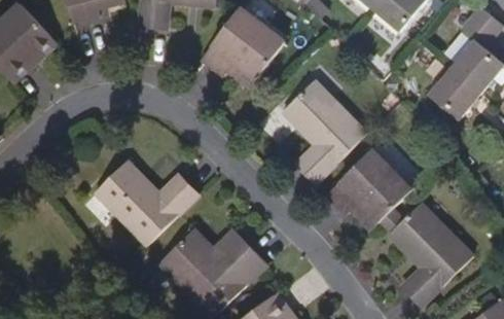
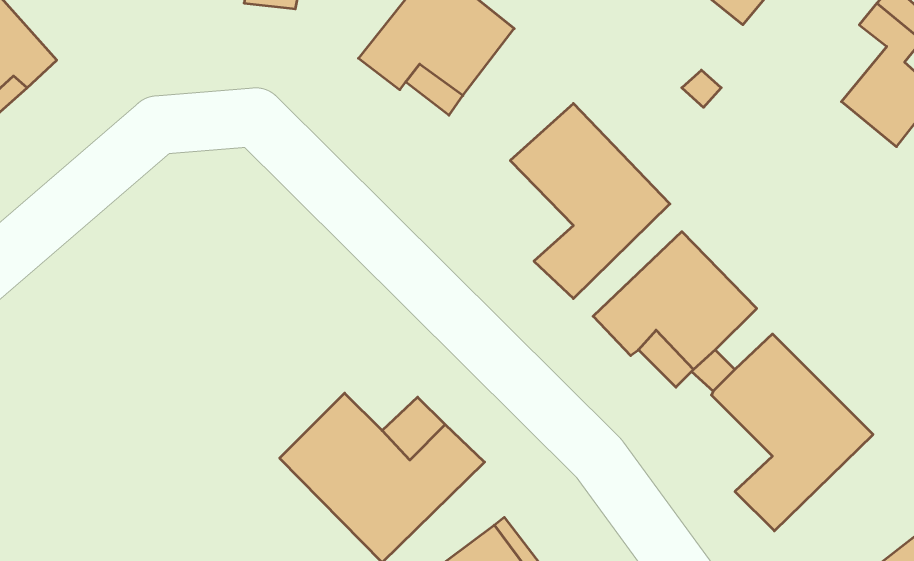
building: [429,75,481,127] -> none
building: [95,160,199,244] -> none

